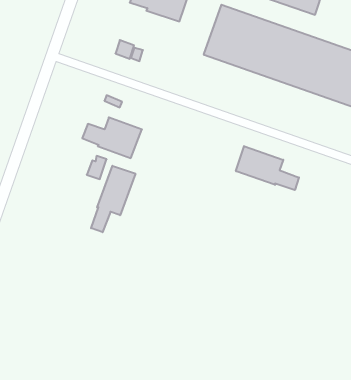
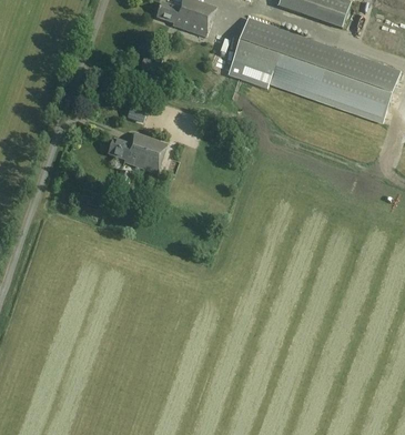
building: [236,146,299,190] -> none
building: [91,166,135,232] -> none

